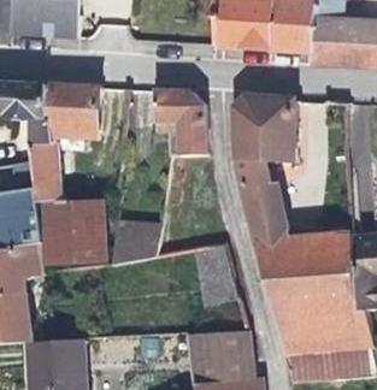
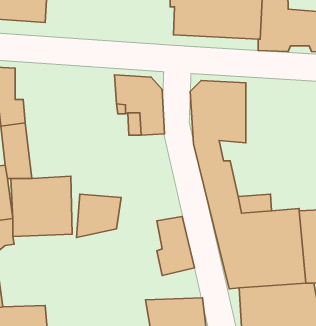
building: [45,83,99,130] -> none

